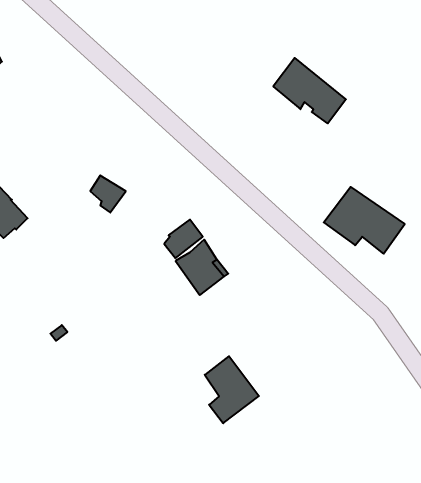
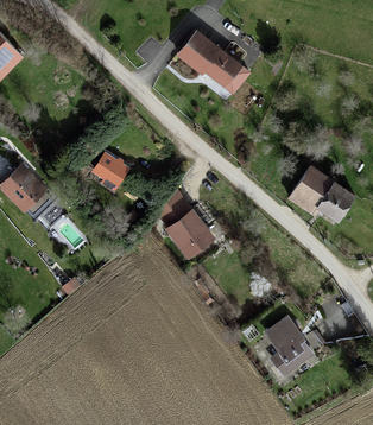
building: [273,58,346,123] -> [178,28,239,83]
building: [205,356,259,423] -> [265,322,310,378]

